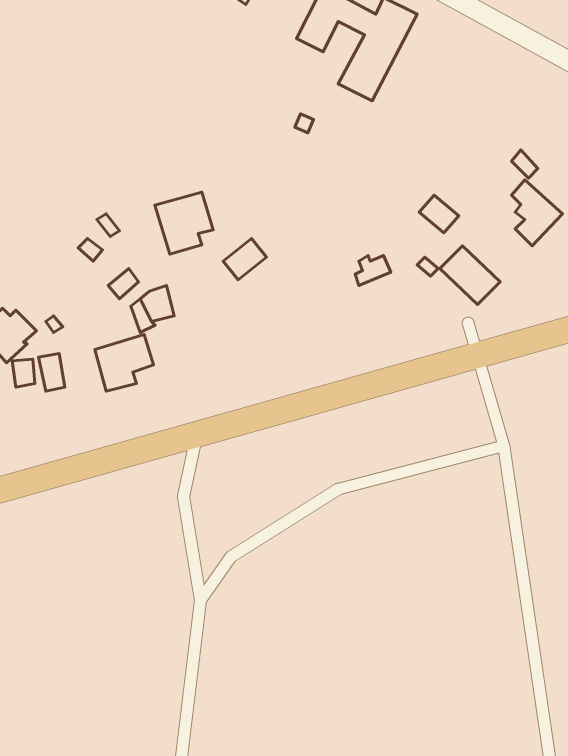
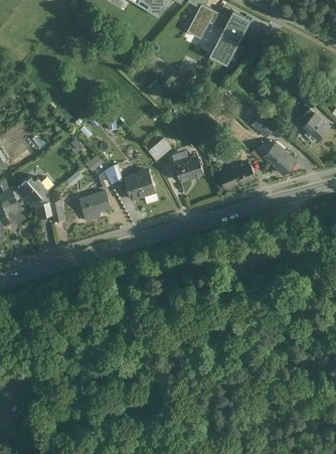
building: [155,192,213,254] -> [123,171,154,204]
building: none -> [173,156,201,181]
building: none -> [217,165,255,189]

